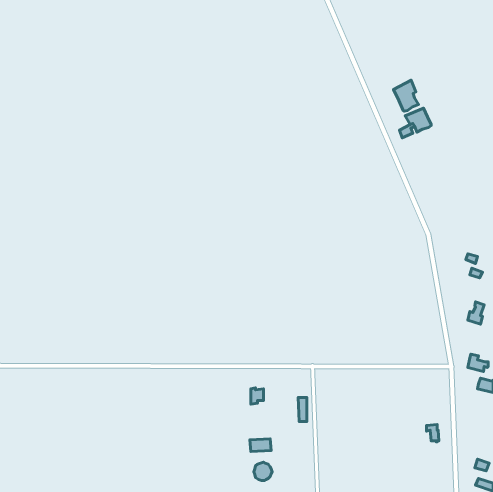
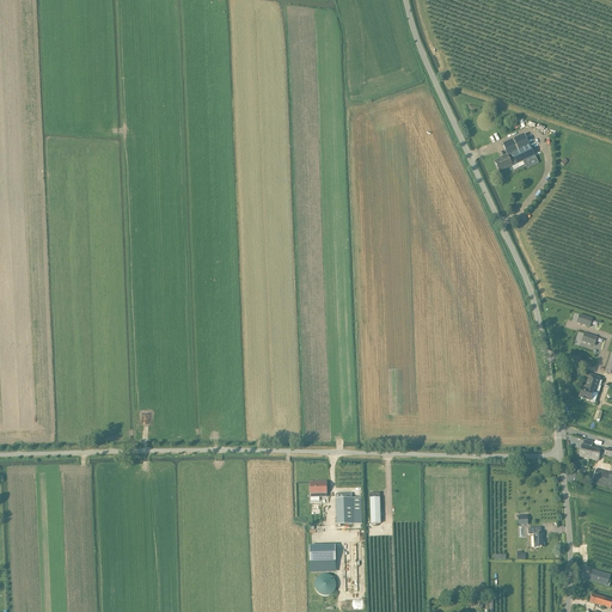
building: [393,80,419,111] -> none
building: none -> [336,494,362,524]

